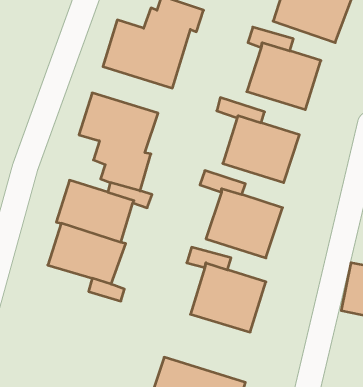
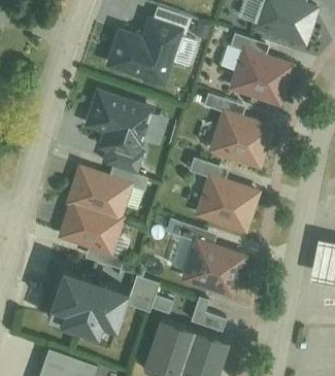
building: none -> [41,263,125,339]
building: none -> [126,276,171,313]
building: none -> [190,297,226,332]

